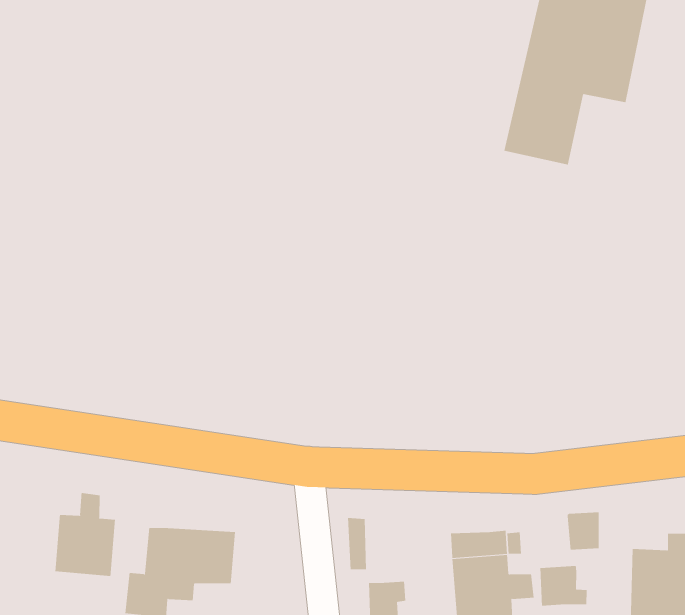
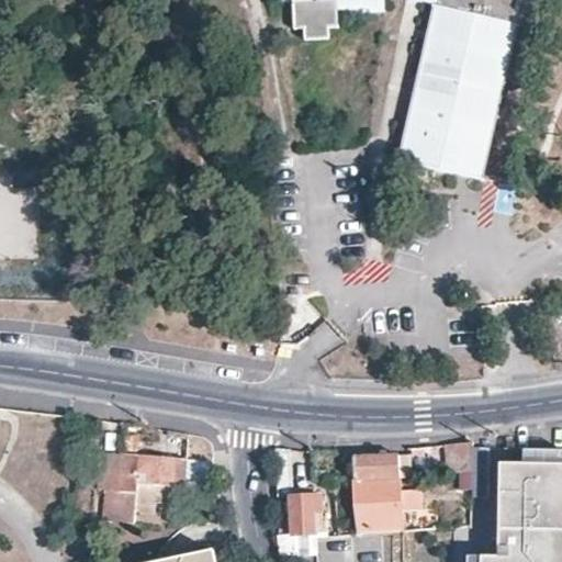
building: none -> [448,115,493,178]
building: [55,492,115,577] -> none
building: [540,565,587,606] -> none

